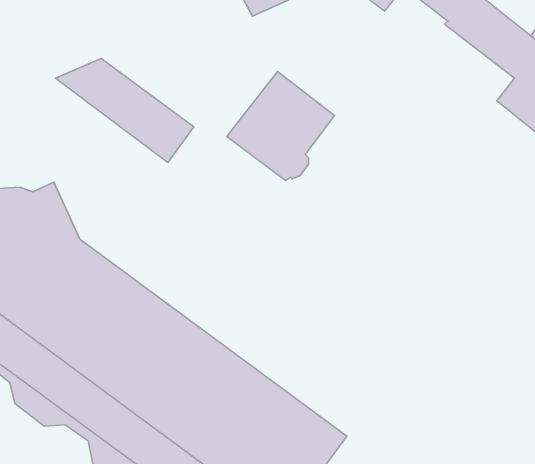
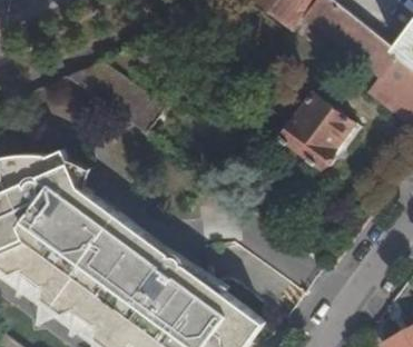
building: [227,71,334,180] -> [282,95,355,169]

